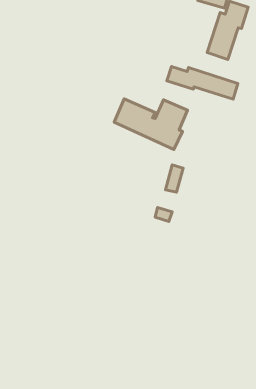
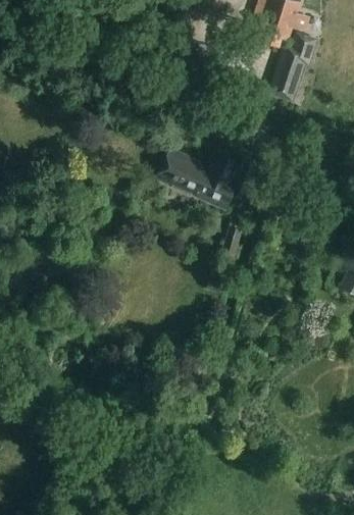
building: [167,67,238,99] -> none

